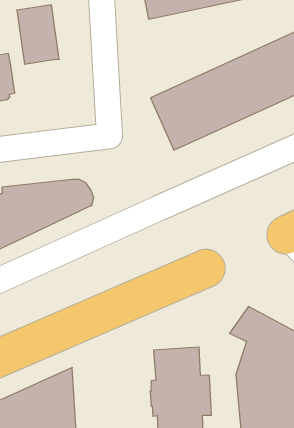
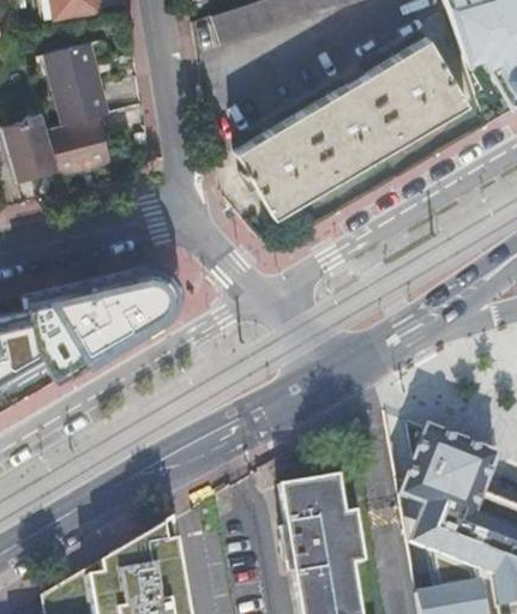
building: none -> [47,115,112,175]

